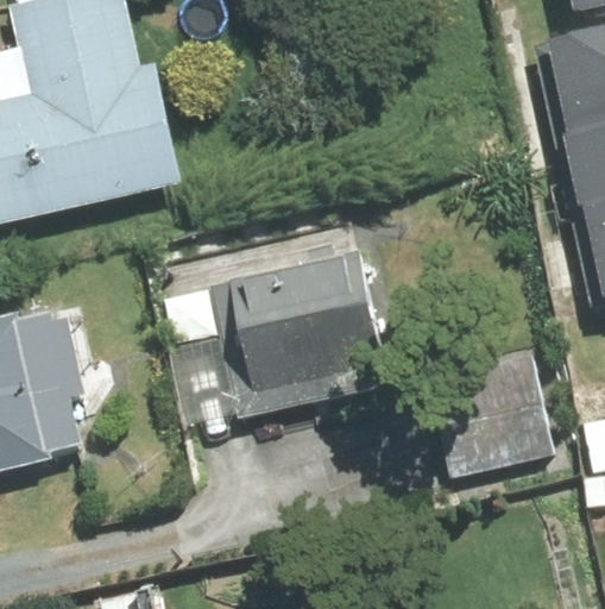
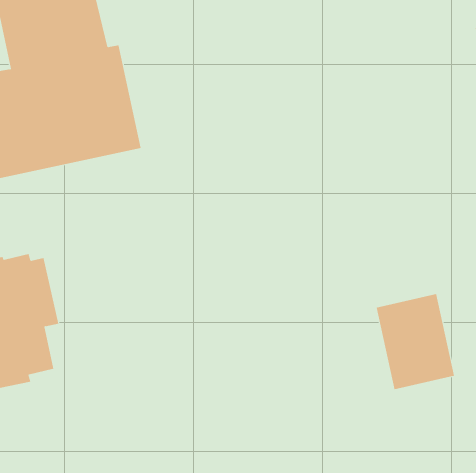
building: [200,246,393,422] -> none

